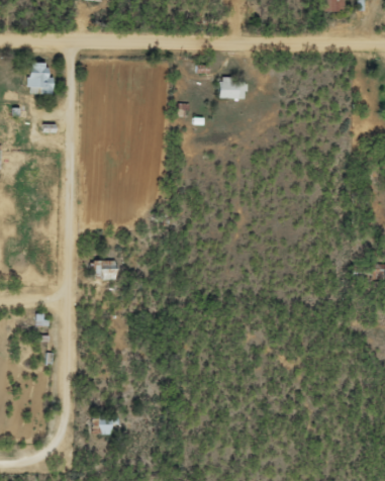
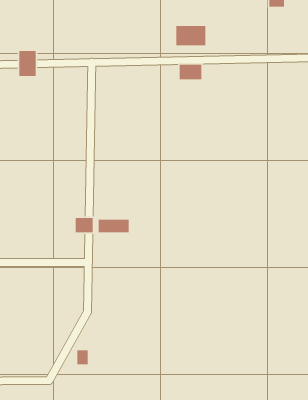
building: none -> [176,25,206,46]
building: none -> [98,219,129,233]

